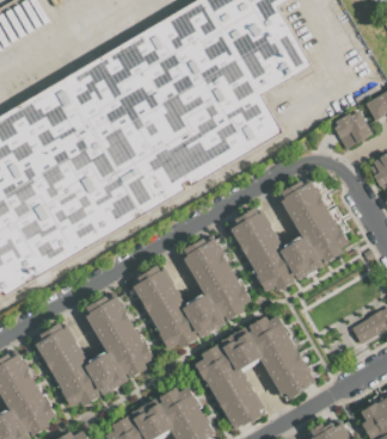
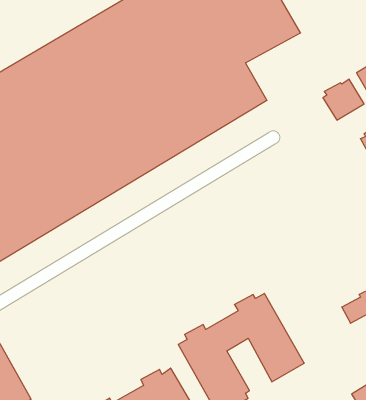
building: [231,181,346,292] -> none
building: [133,239,248,350] -> none
building: [36,296,152,407] -> none

